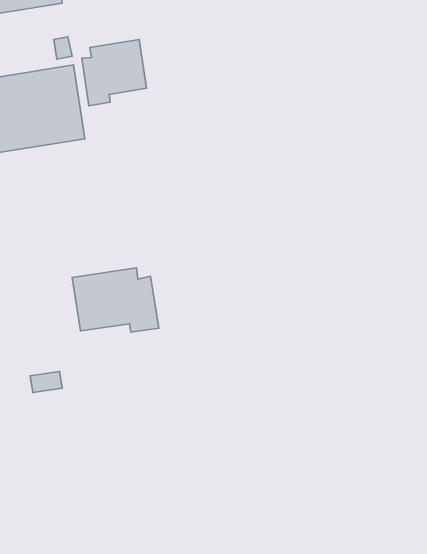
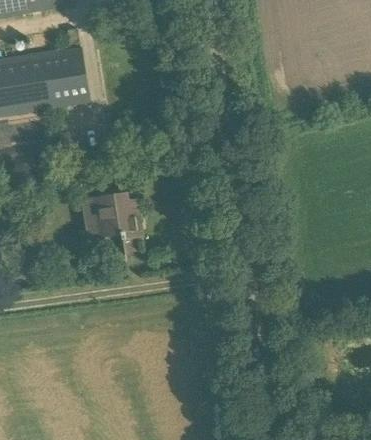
building: [82,40,147,106] -> none

